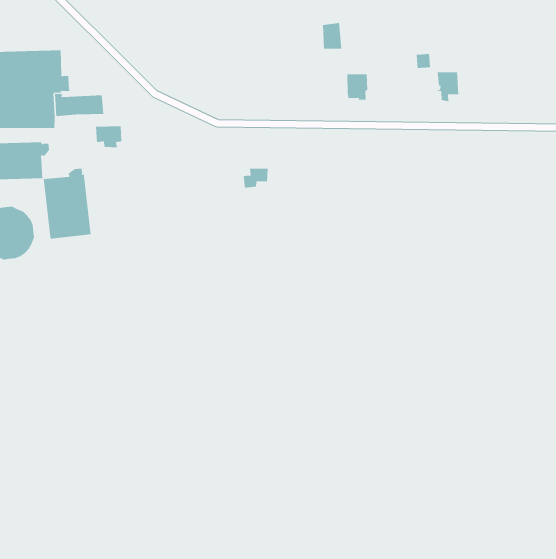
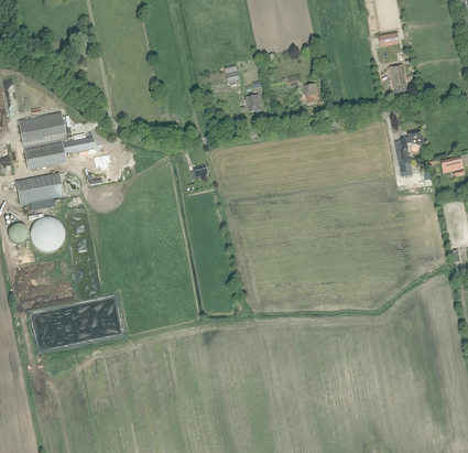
building: [43,168,91,240] -> none

